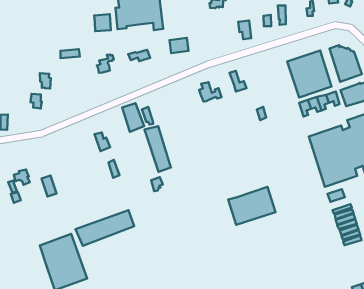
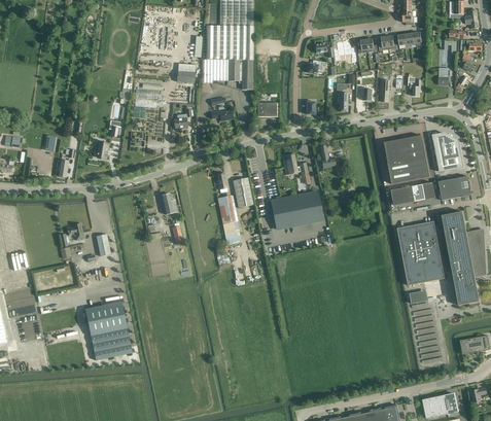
building: [122,103,144,132] -> [232,177,253,208]
building: [228,187,276,225] -> [271,191,321,229]
building: [76,210,134,246] -> none

